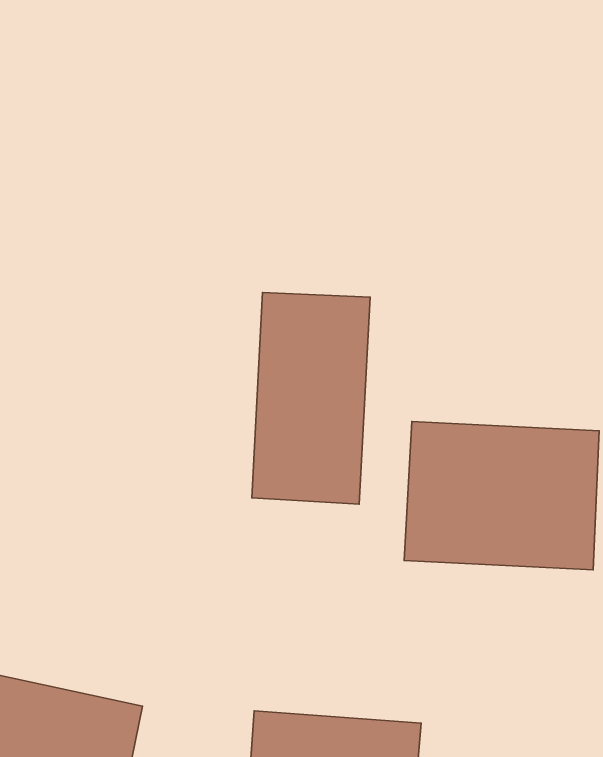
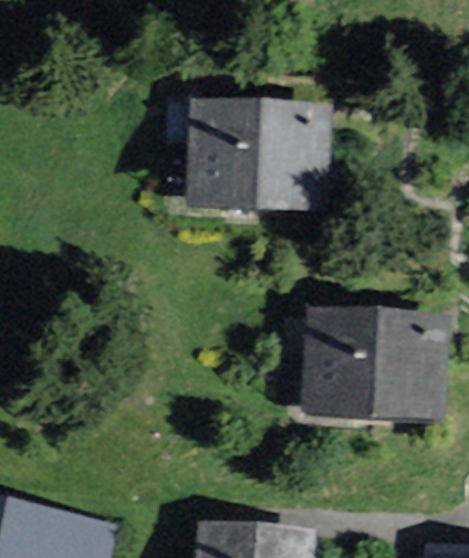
building: none -> [194,107,326,210]
building: [252,293,370,504] -> none

